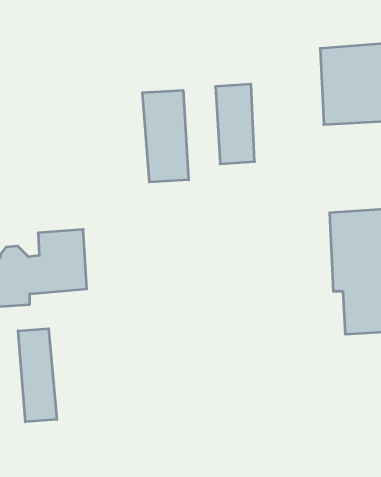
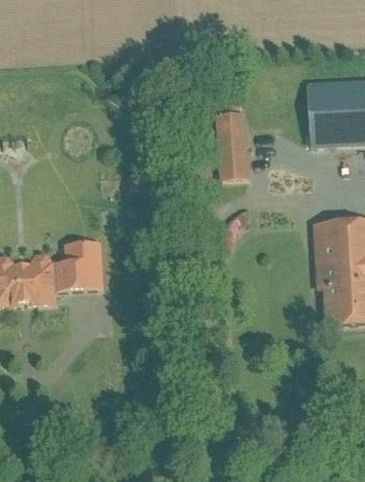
building: [143,90,189,182] -> none
building: [18,329,57,422] -> none

